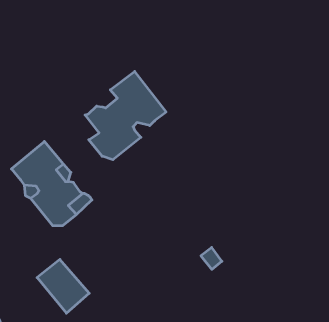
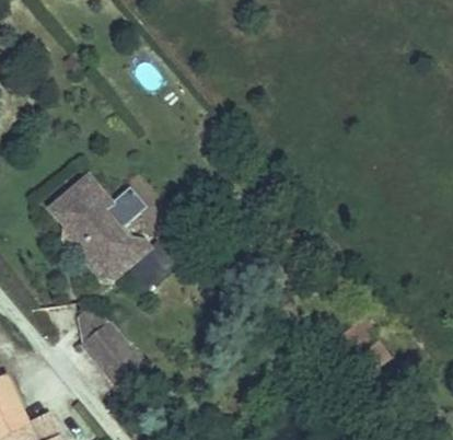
building: [85,71,166,160] -> none

